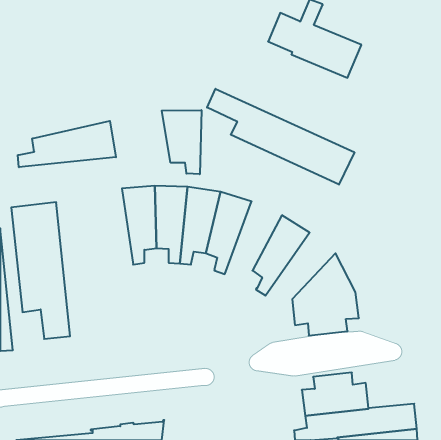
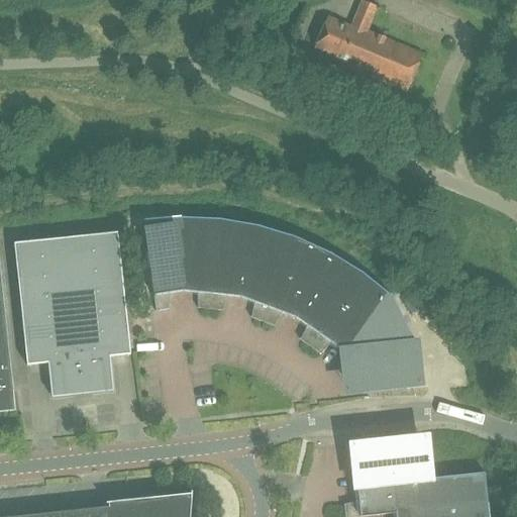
building: [207,89,354,185] -> none
building: [162,110,201,174] -> none
building: [18,121,116,167] -> none
building: none -> [67,231,131,393]
building: none -> [264,235,330,325]
building: none -> [311,272,393,352]

